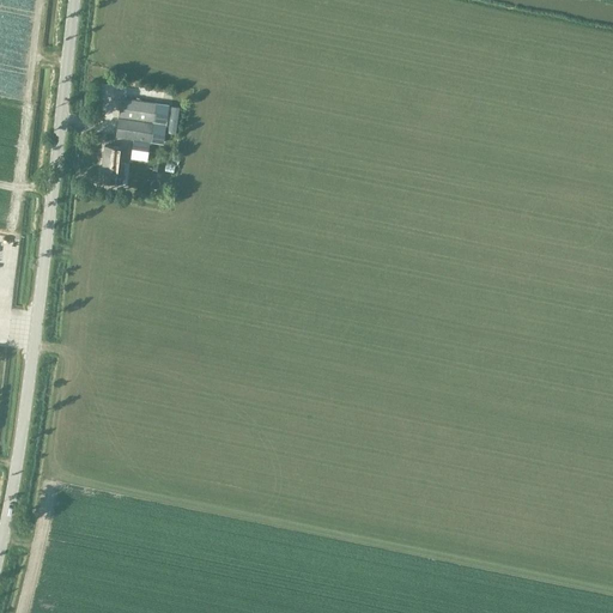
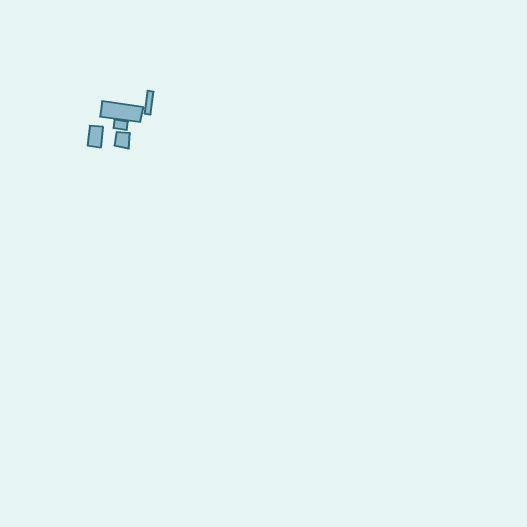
building: [119,98,156,121] -> none

